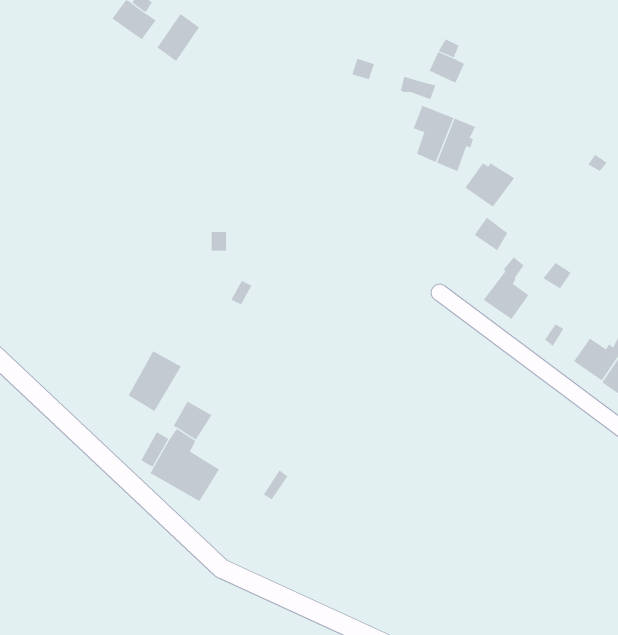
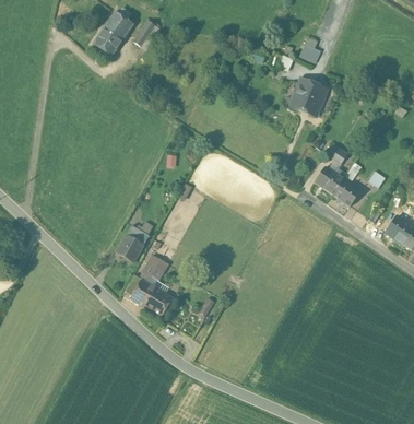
building: none -> [92,23,125,56]
building: [464,162,515,207] -> [314,166,344,193]

